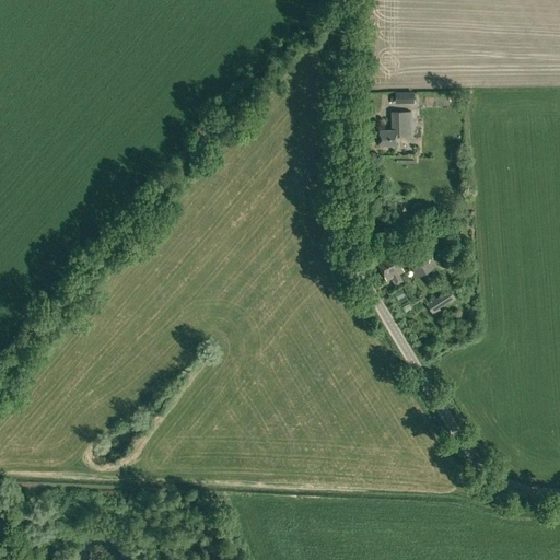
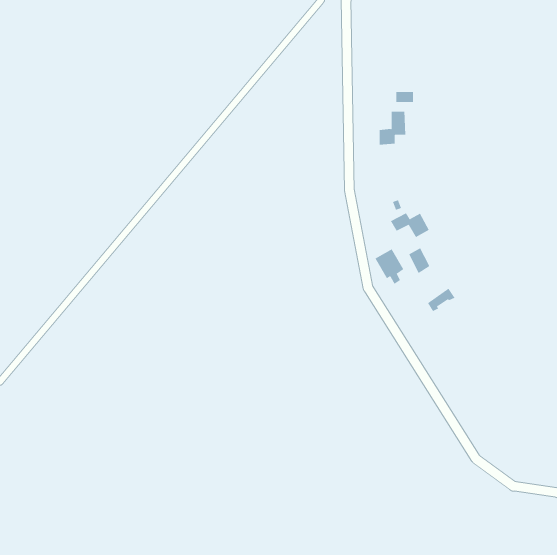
building: none -> [390,213,429,238]

